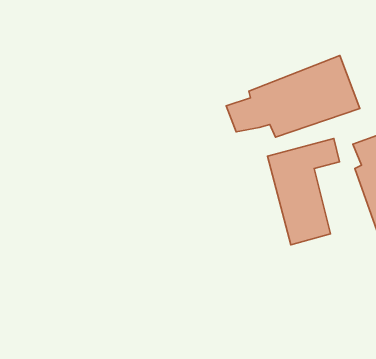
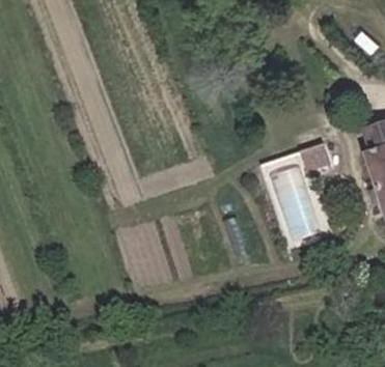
building: [226,55,360,137] -> none

